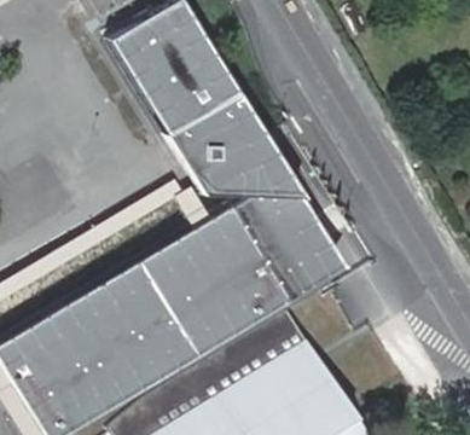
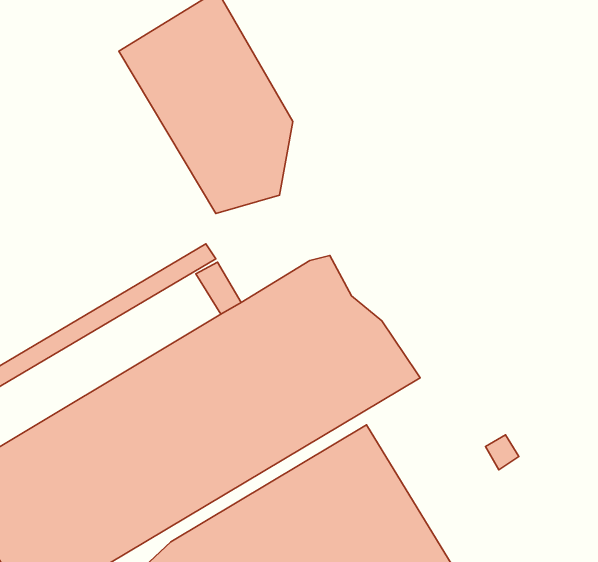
building: [184,92,342,273] -> none

